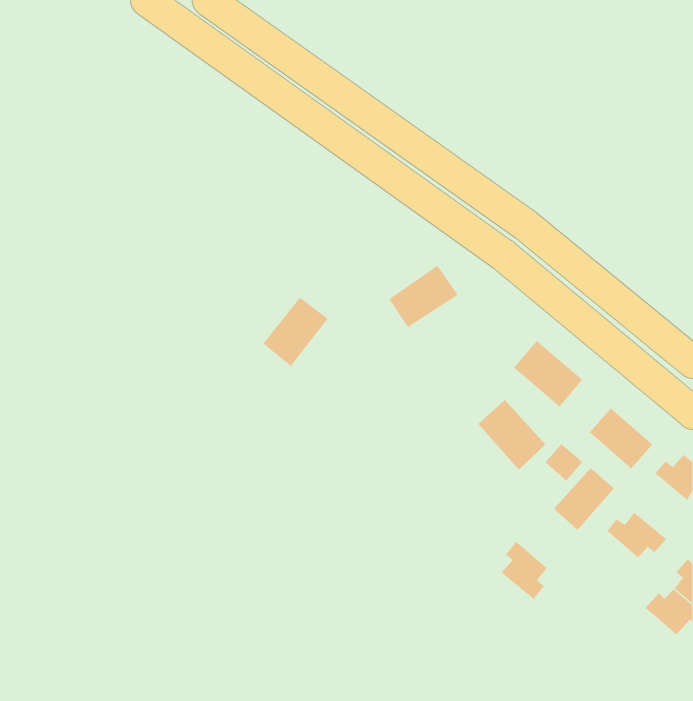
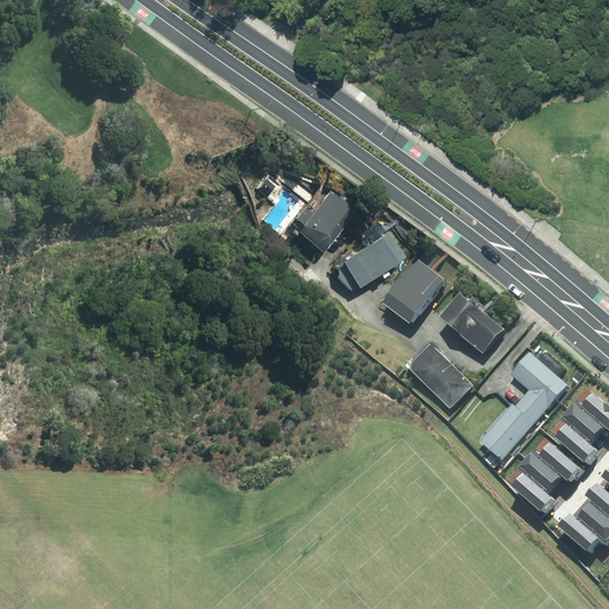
building: [262,297,328,367] -> [293,190,350,251]
building: none -> [391,262,447,322]
building: [545,443,583,481] -> [514,390,547,423]
building: none -> [555,410,596,462]
building: [501,541,548,600] -> [513,460,553,511]

